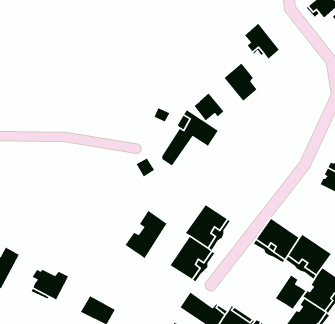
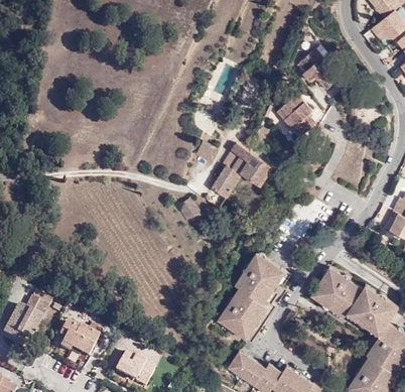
building: [194,92,225,122] -> none
building: [124,210,167,259] -> none
building: [275,274,306,310] -> none

